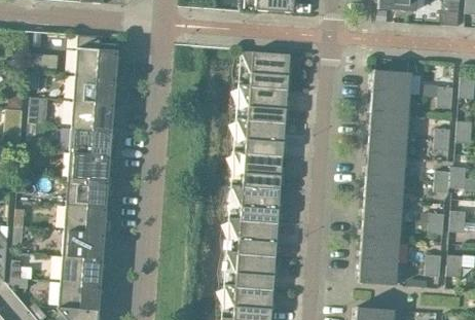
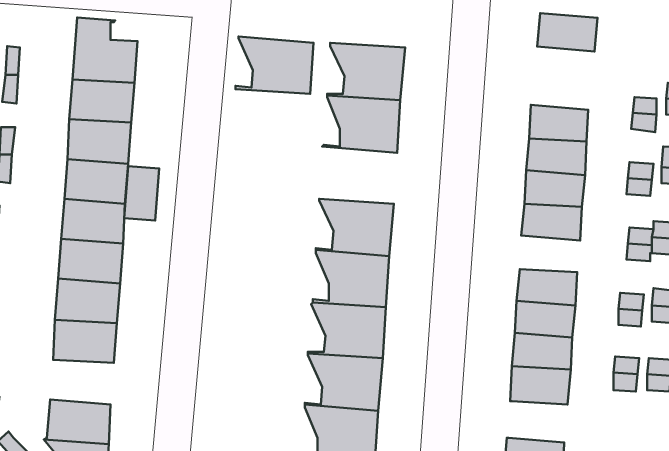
building: [371,70,410,95] -> [537,13,598,51]
building: [234,118,285,155] -> [235,37,313,94]
building: none -> [124,166,159,220]
building: [364,176,403,200] -> none
building: [61,256,102,285] -> none

